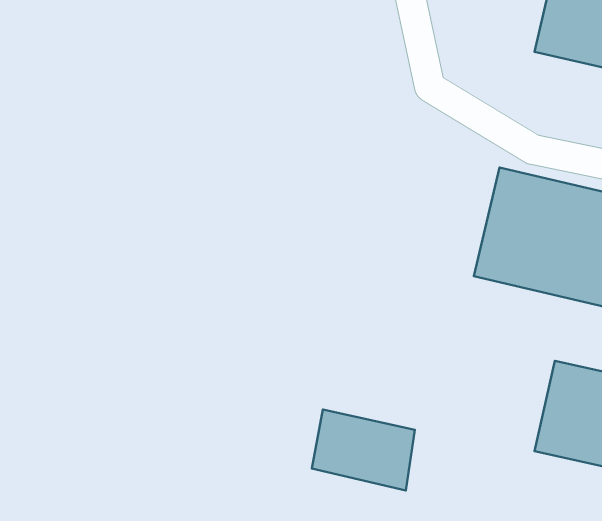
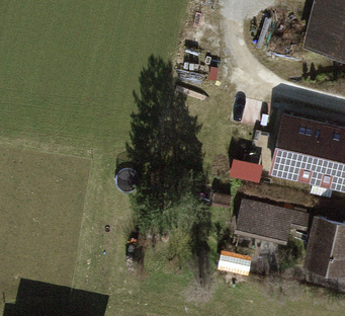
building: [312,410,415,491] -> [236,201,292,245]

